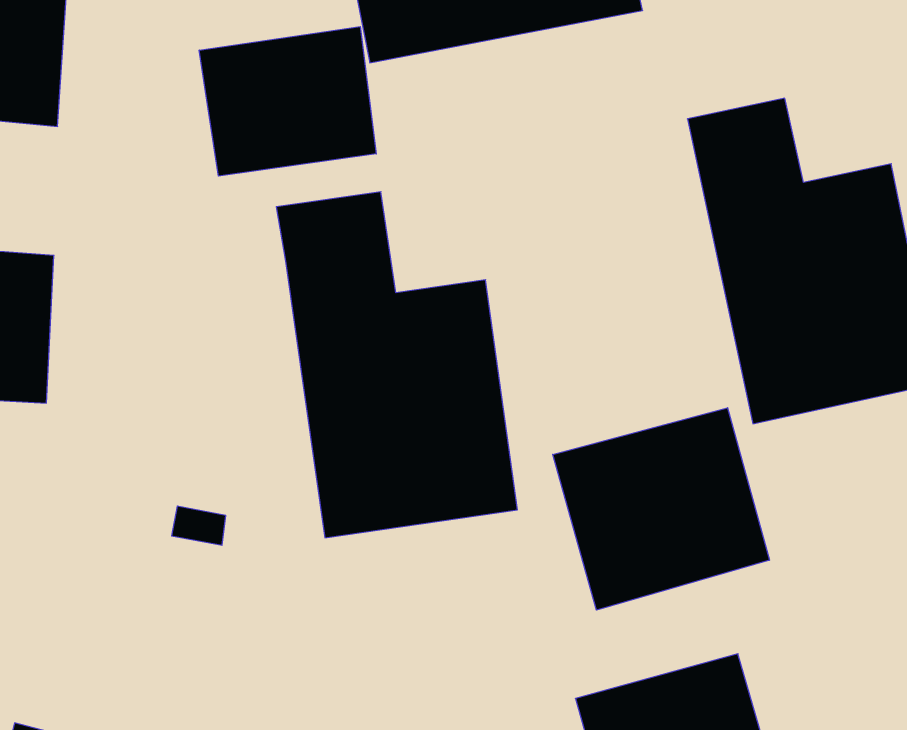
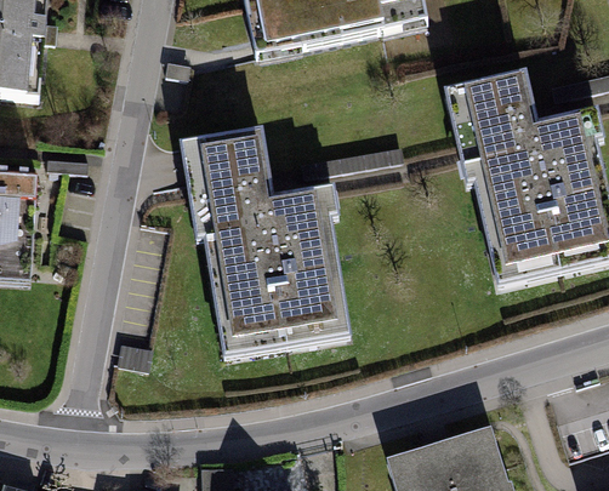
building: [199,27,376,176] -> none
building: [553,408,769,610] -> none

